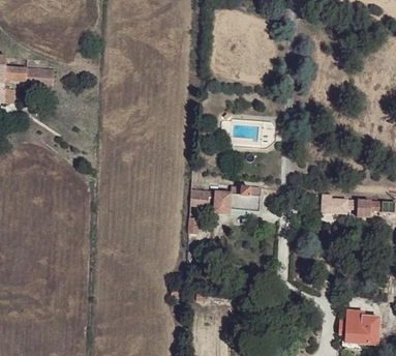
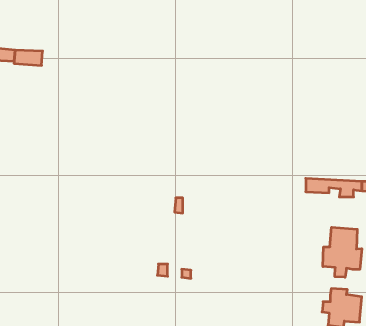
building: [189,185,260,213] -> none
building: none -> [323,227,362,277]

